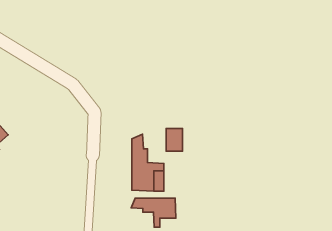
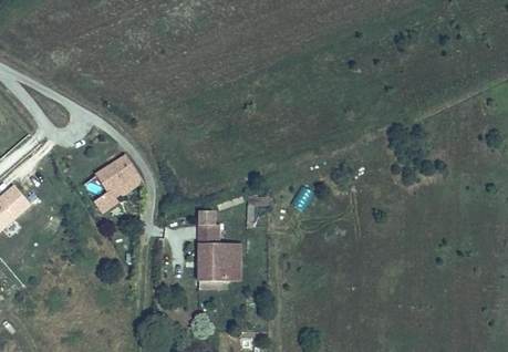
building: none -> [94,158,139,210]
building: [131,198,176,227] -> none

